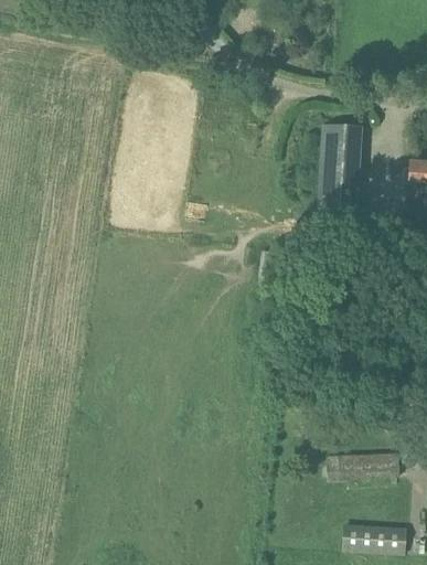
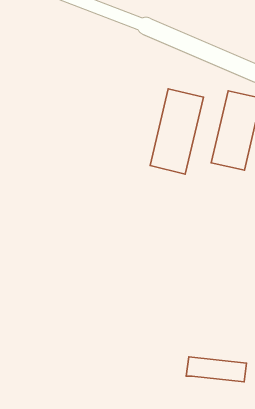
building: none -> [150,89,203,174]

